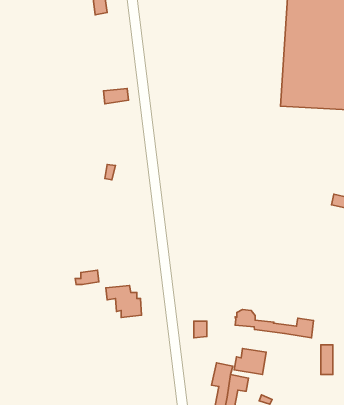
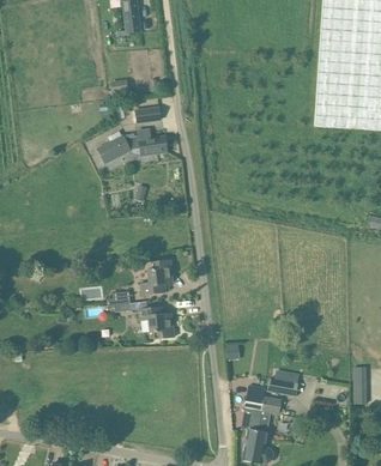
building: none -> [97,129,167,163]
building: none -> [140,260,173,295]
building: [235,309,313,338] -> none

